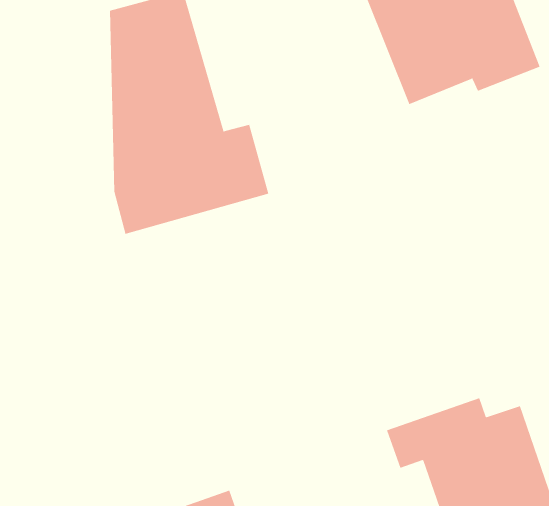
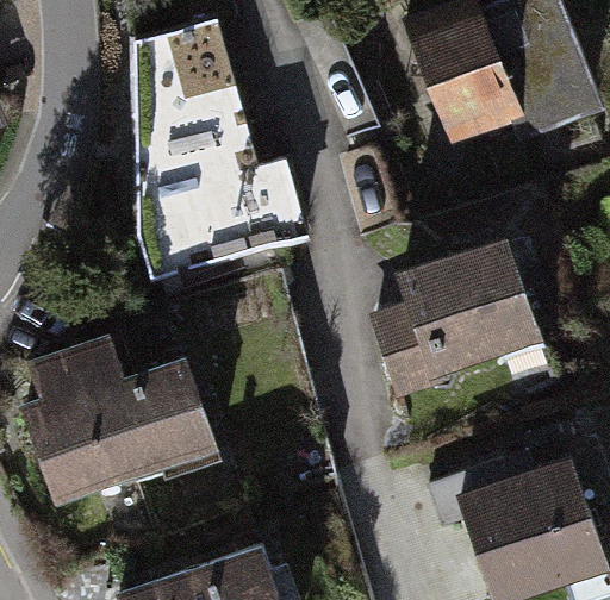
building: none -> [374,242,536,388]
building: none -> [26,345,219,495]

